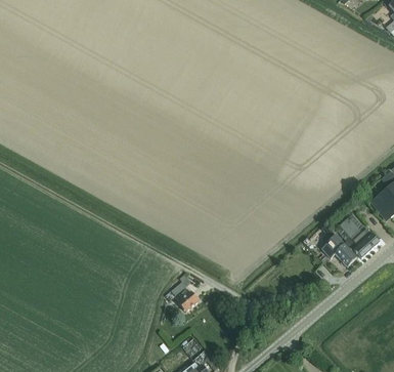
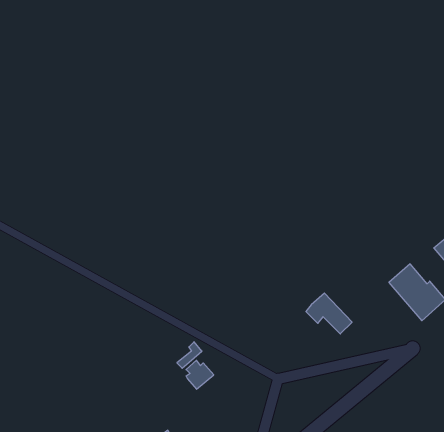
building: [321,234,357,265] -> [306,293,352,334]

